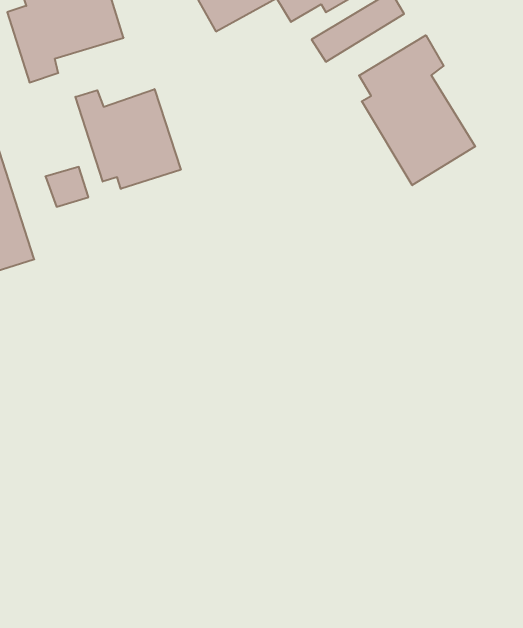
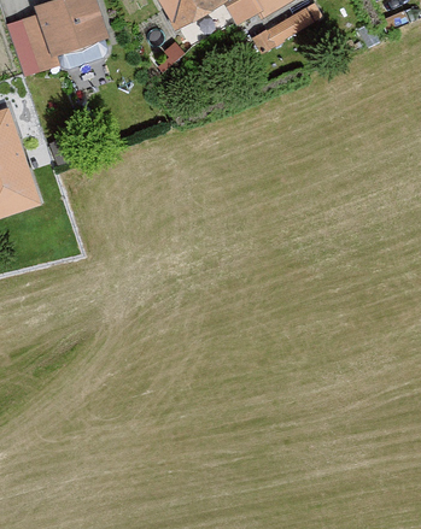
building: [359,35,475,185] -> none
building: [75,89,181,189] -> none

